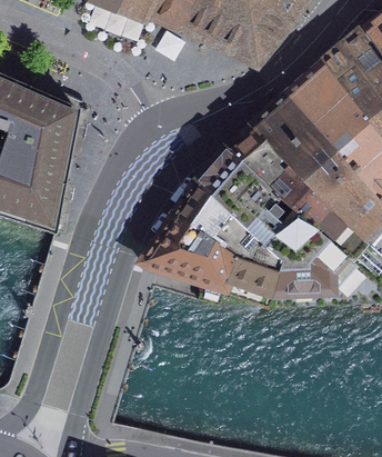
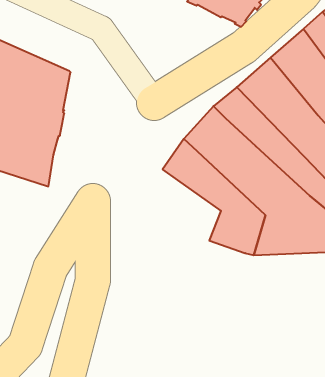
building: [142,211,235,286] -> none

